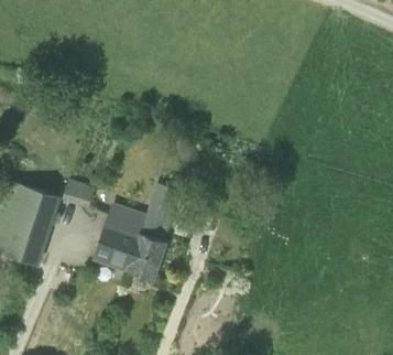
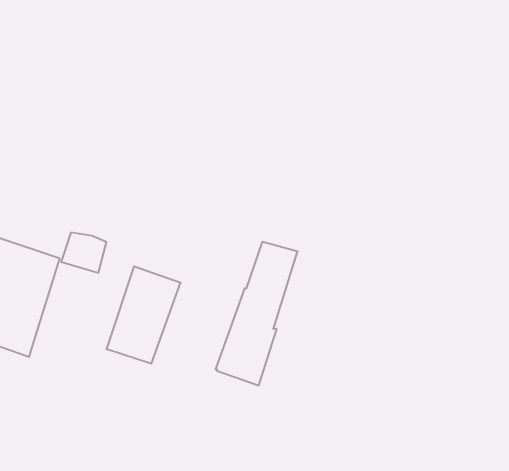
building: [123,183,179,281] -> [215,242,298,385]

